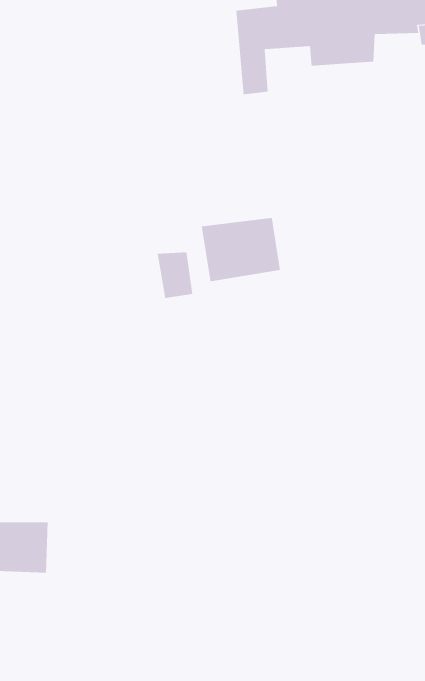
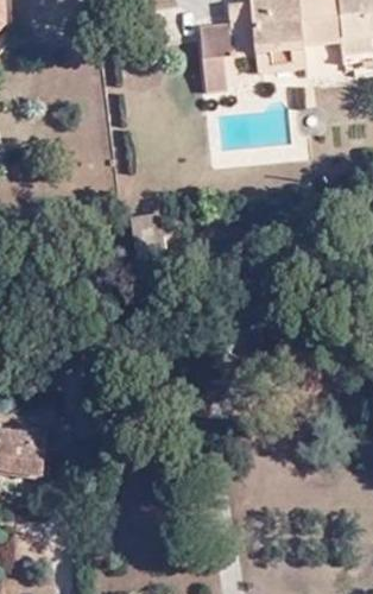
building: [201,217,281,282] -> none

